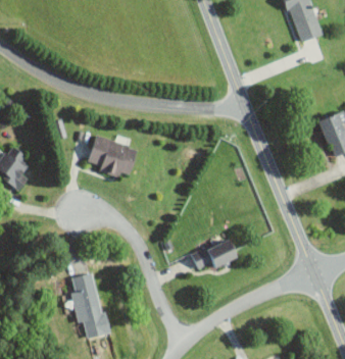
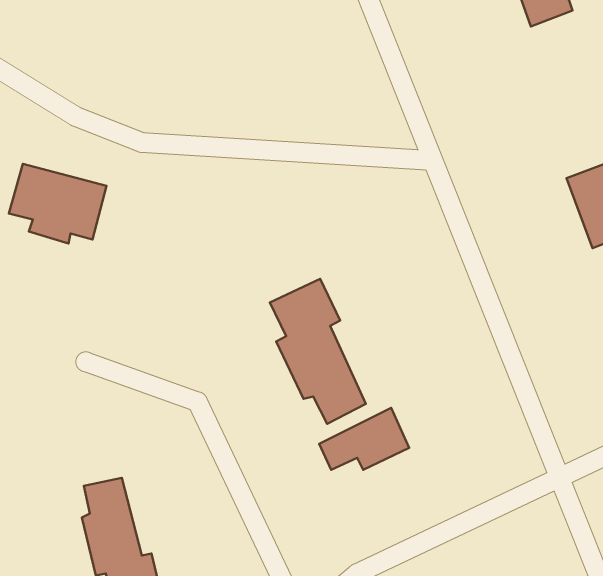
building: [88,137,138,177] -> [9,164,107,244]
building: none -> [270,279,366,424]

